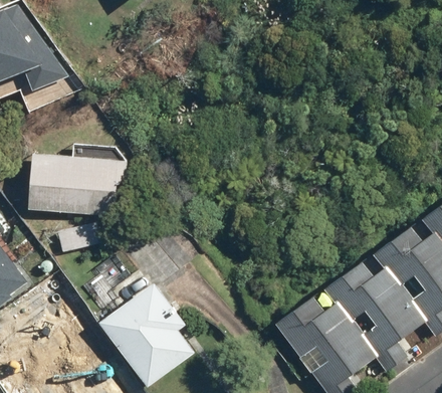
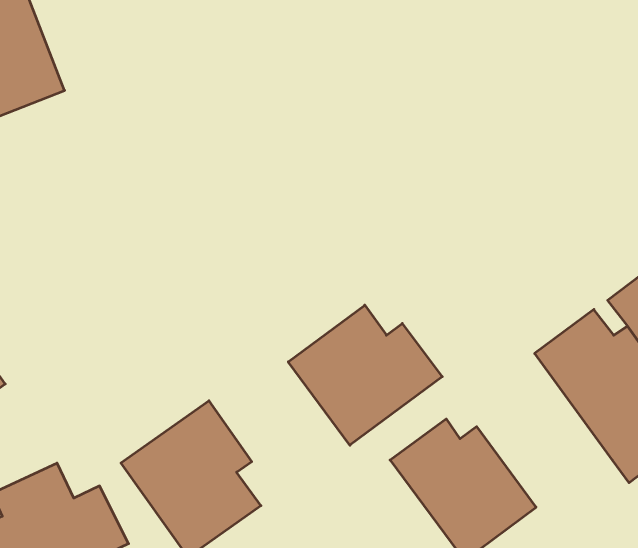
building: [28,153,125,217] -> none
building: none -> [288,305,442,445]
building: [324,253,423,372] -> none

